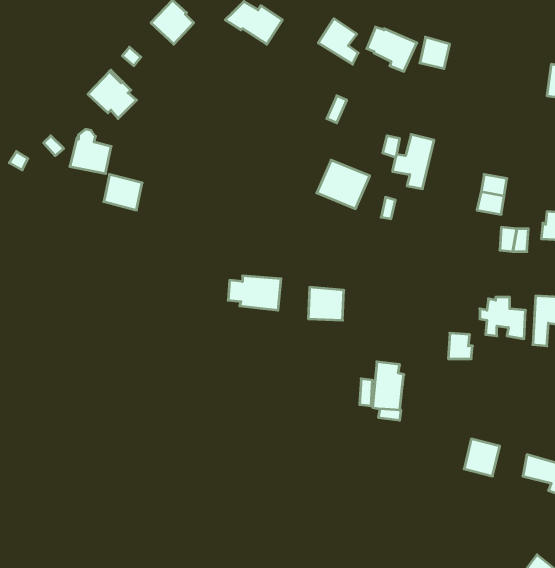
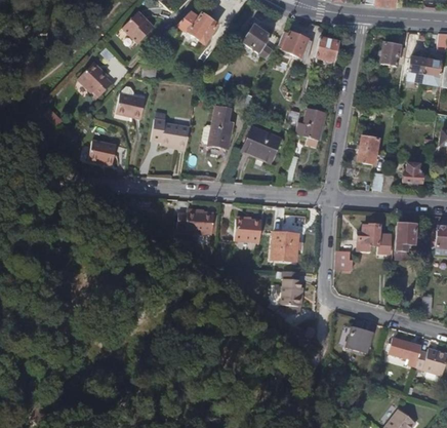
building: none -> [380,42,406,65]
building: [70,129,111,174] -> [116,86,146,118]
building: none -> [203,105,233,148]
building: none -> [151,117,190,148]
building: none -> [271,231,297,260]

